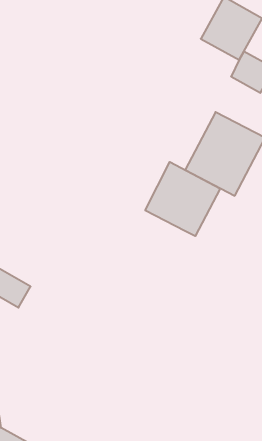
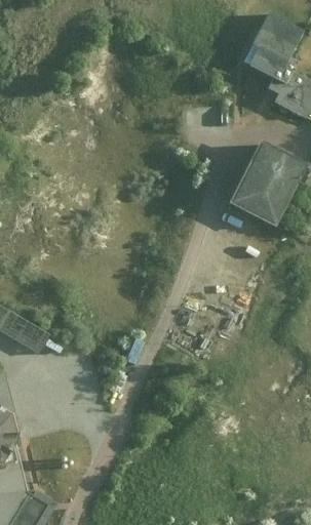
building: [145,162,220,236] -> none

